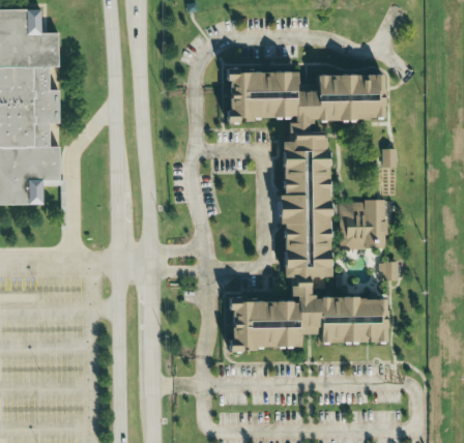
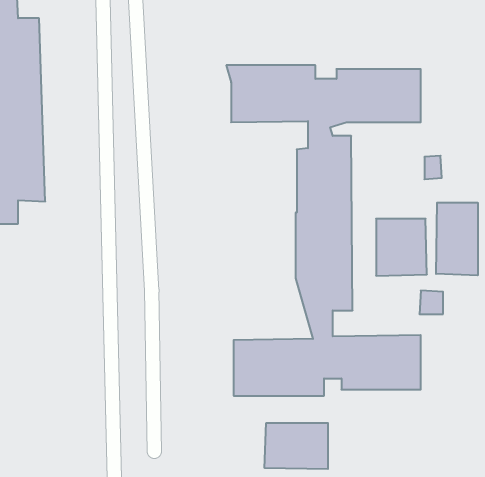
building: none -> [436,203,478,275]
building: none -> [265,423,328,469]

